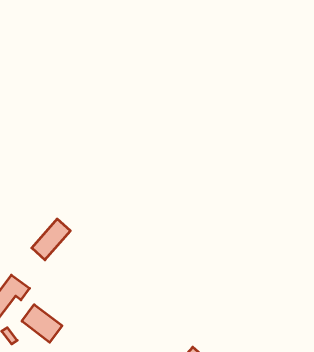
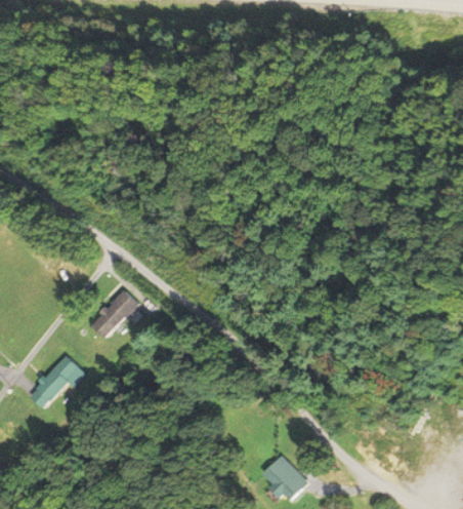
building: [22,305,62,342] -> none

